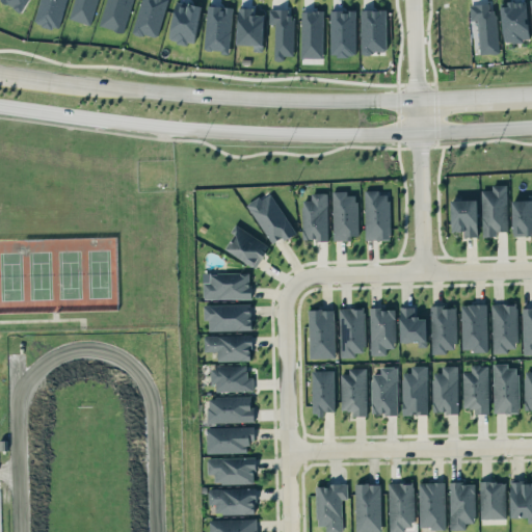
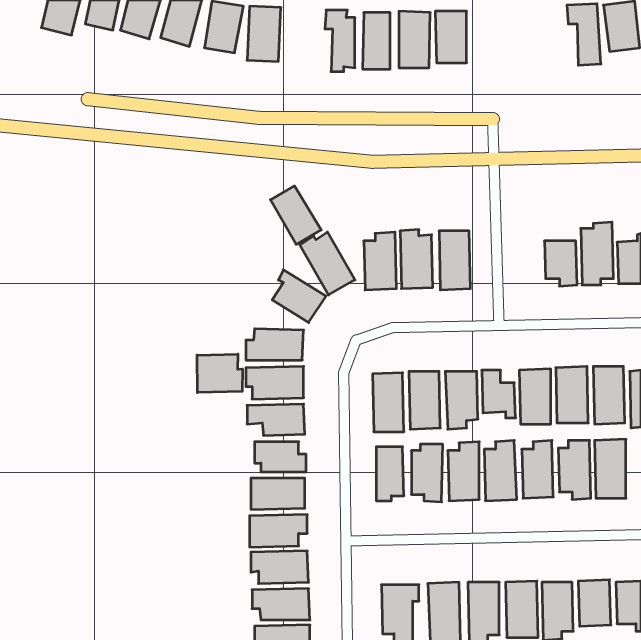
building: [237,8,264,46] -> none
building: none -> [270,186,321,244]
building: none -> [197,354,242,393]

